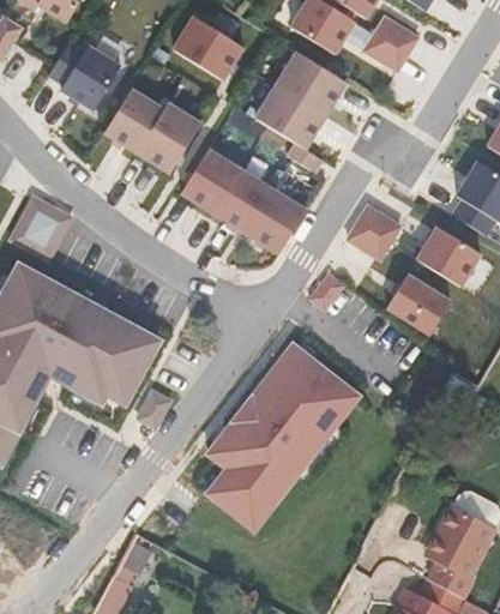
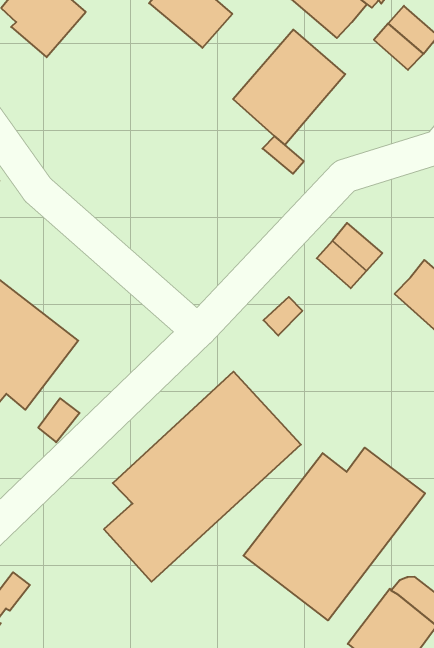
building: [107,89,200,168] -> none
building: [181,149,306,253] -> none
building: [386,273,450,333] -> none
building: none -> [243,448,425,620]

